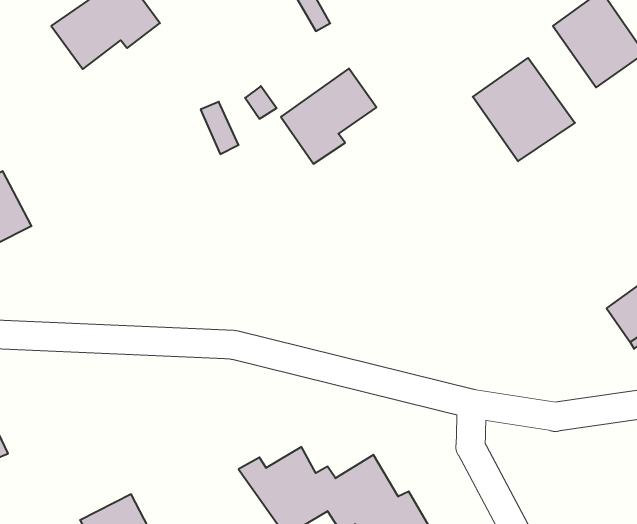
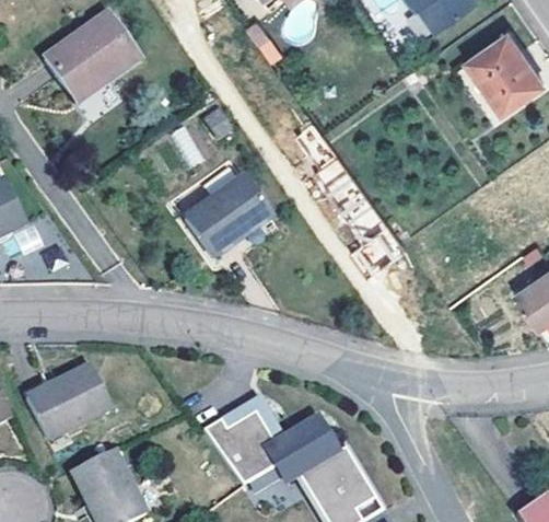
building: [473,58,575,161] -> none
building: [281,68,376,164] -> [187,177,267,257]
building: none -> [26,368,112,441]

